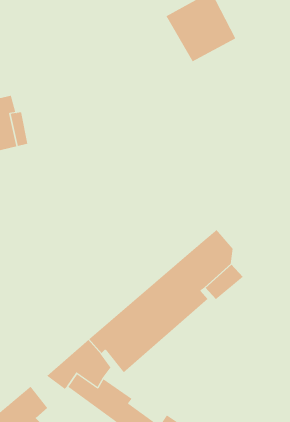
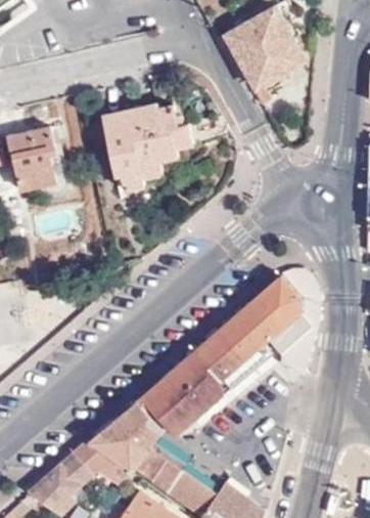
building: none -> [105,103,195,190]
building: none -> [73,437,134,485]

